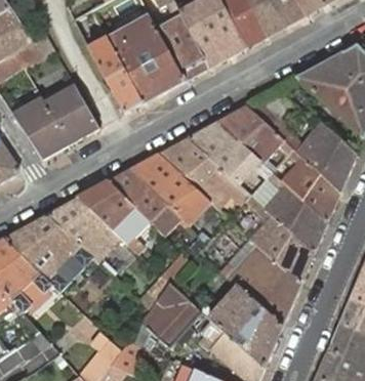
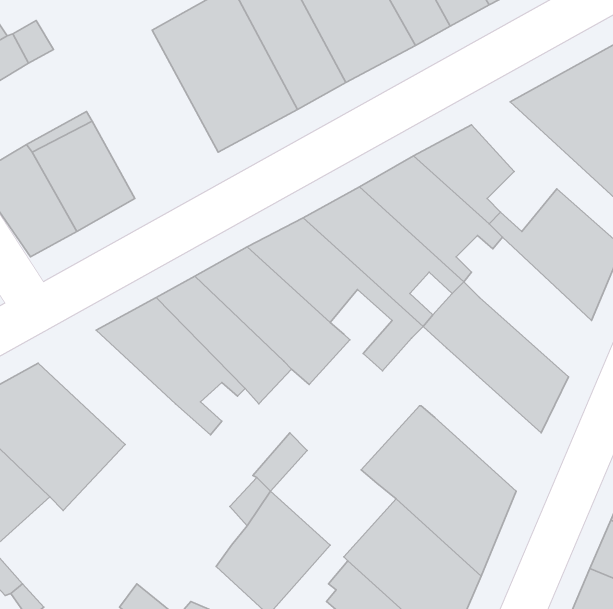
building: [88,39,143,115] -> none
building: [281,149,340,222] -> none
building: [230,196,314,283] -> none
building: [47,198,120,262] -> none

